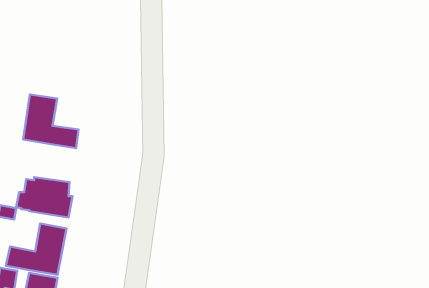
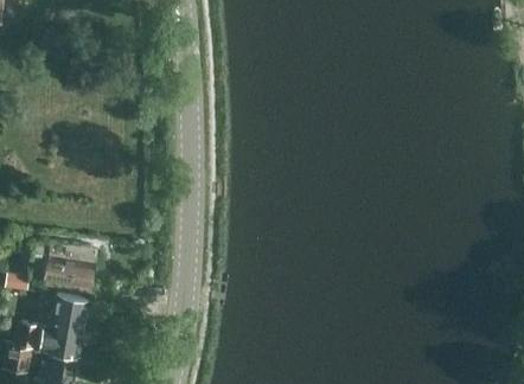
building: [23,94,79,148] -> none

